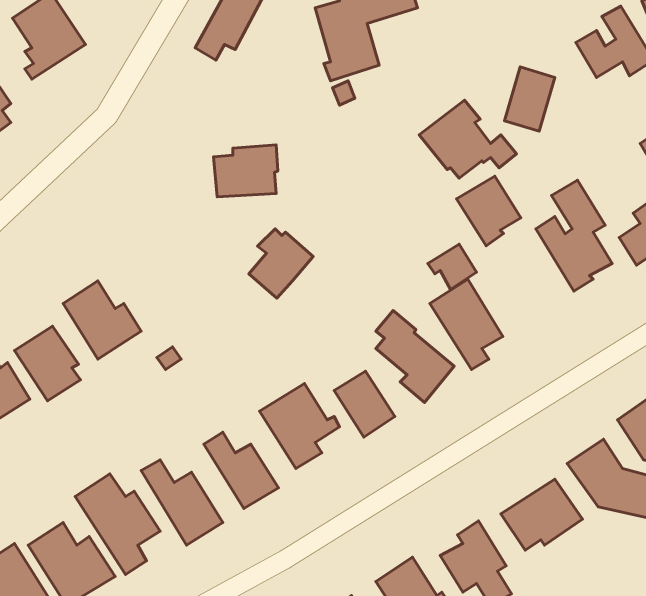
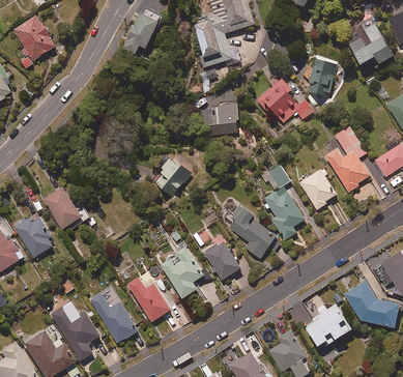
building: [214,145,278,197] -> [200,103,238,134]
building: [457,176,521,246] -> [298,168,337,209]

